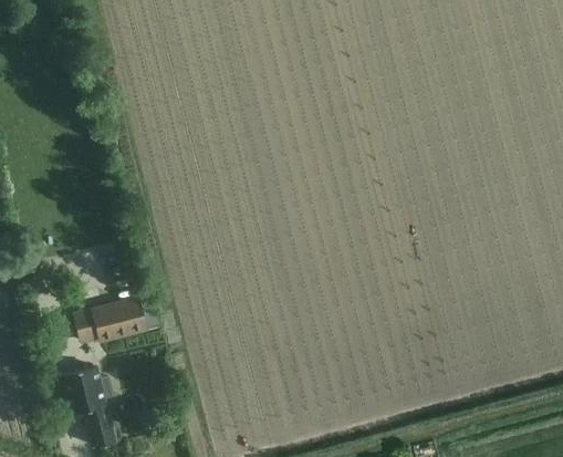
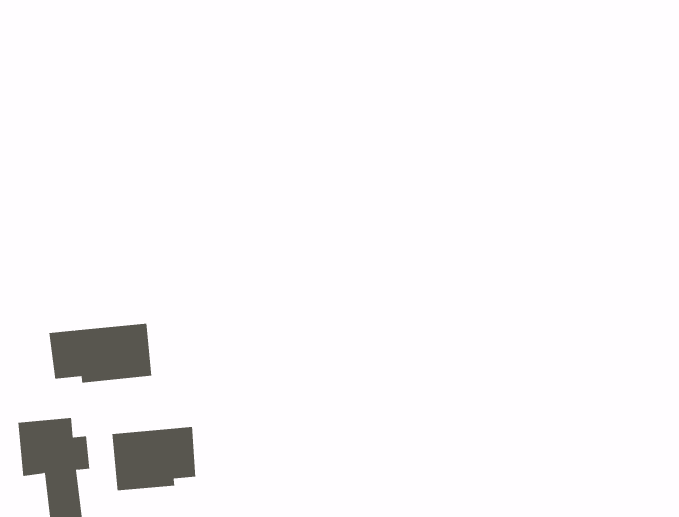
building: none -> [112,426,196,491]

